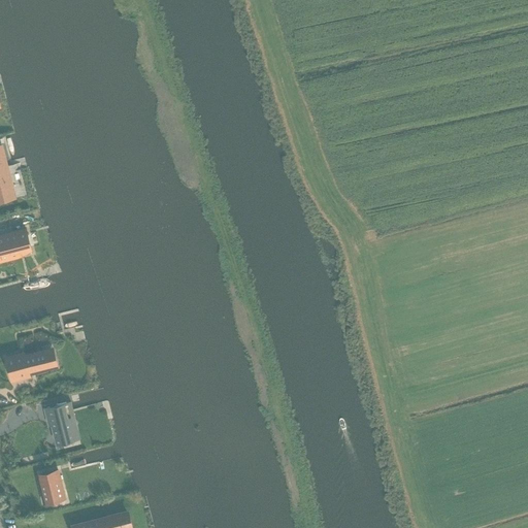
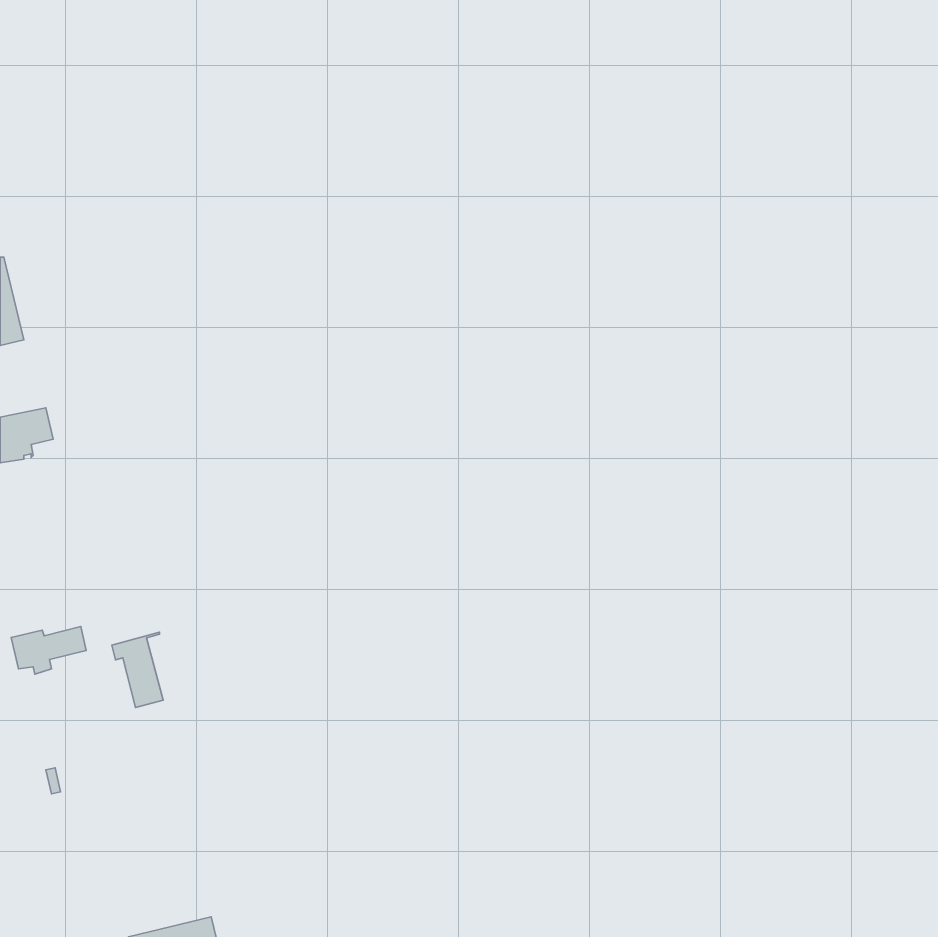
building: [44,402,73,444] -> [112,632,163,707]
building: [40,471,64,504] -> none

